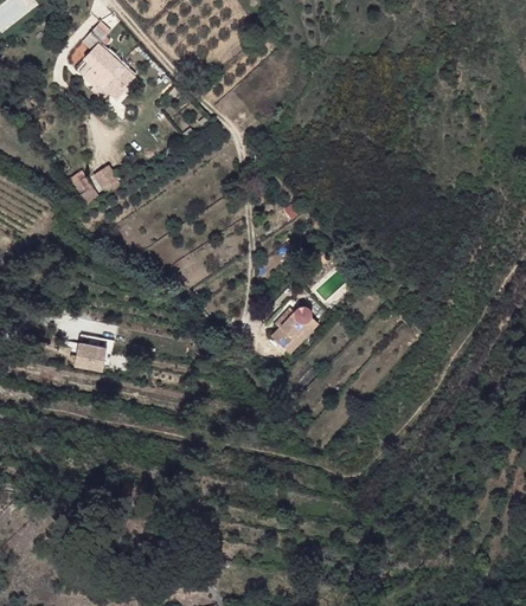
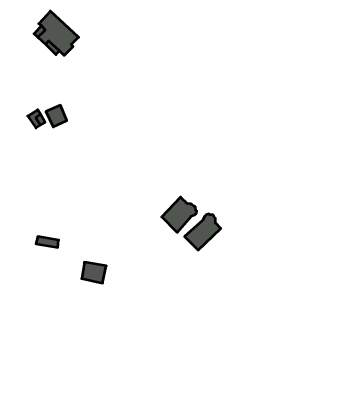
building: none -> [162,197,197,232]
building: [73,344,105,372] -> [82,262,106,283]

